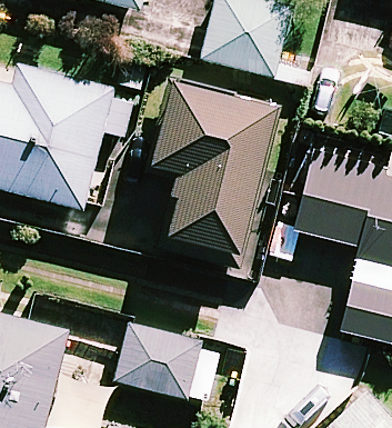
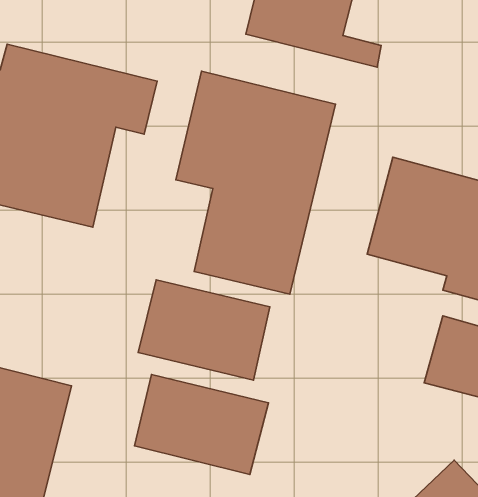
building: none -> [138,280,270,380]

